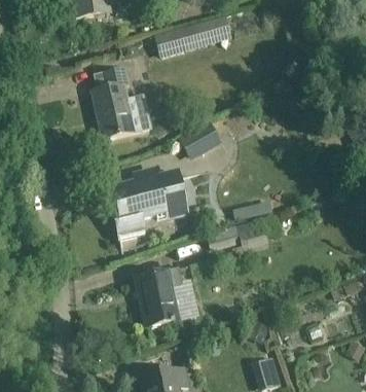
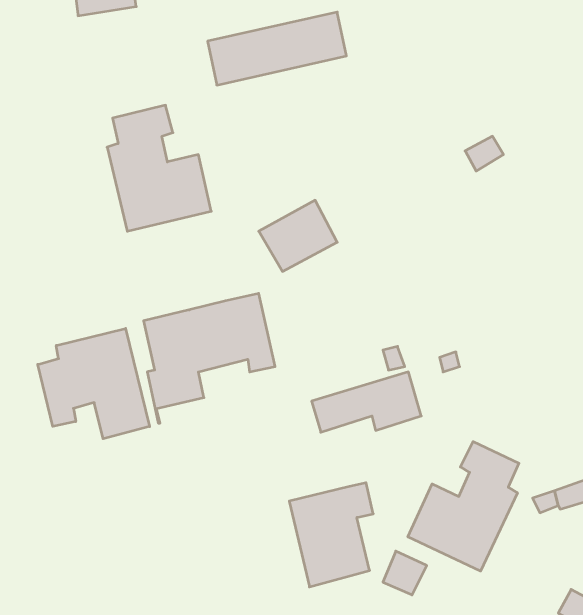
building: none -> [38,328,150,439]
building: none -> [408,442,519,571]
building: [136,269,183,327] -> [289,483,373,587]

